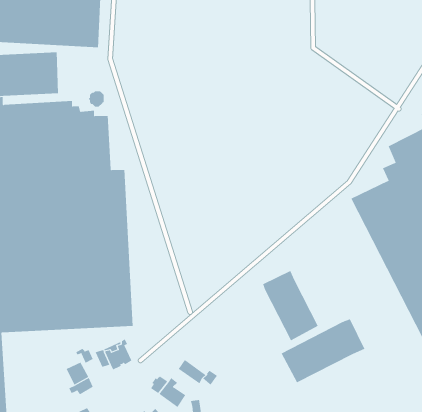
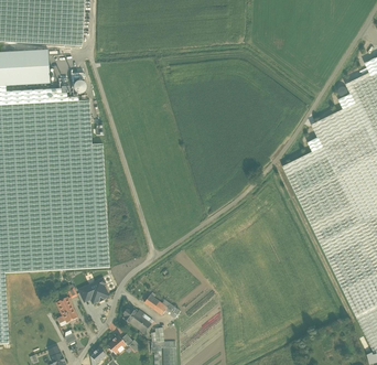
building: [262,270,318,341] -> none
building: [281,318,365,383] -> none

